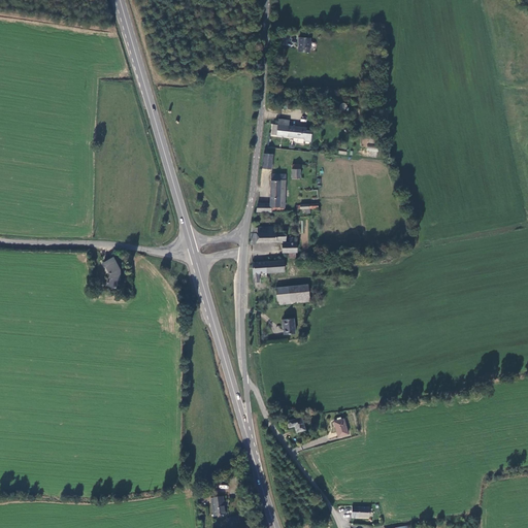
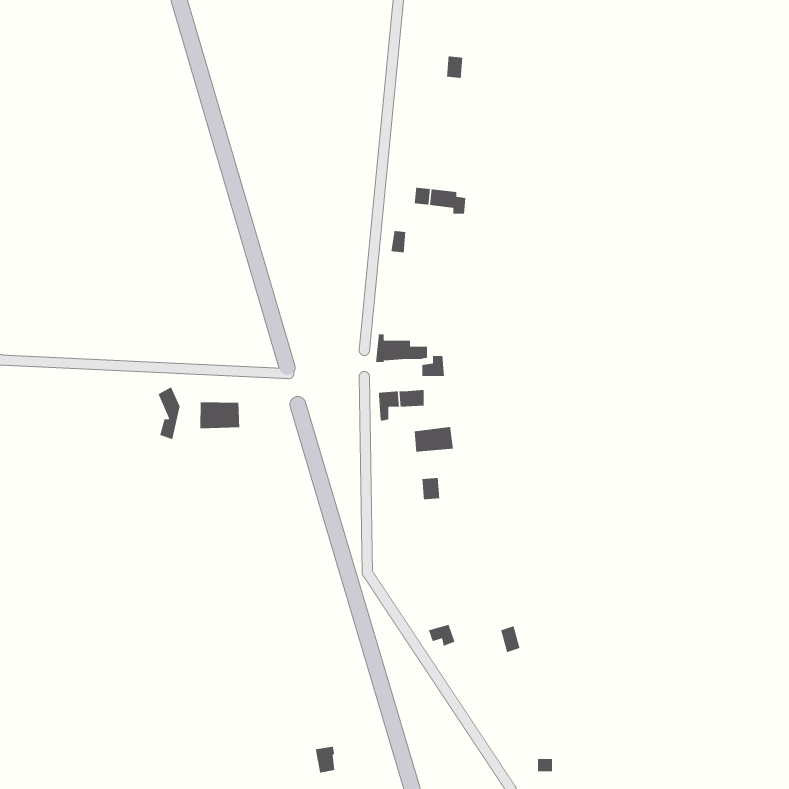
building: [257,173,285,210] -> none
building: none -> [200,402,240,429]

